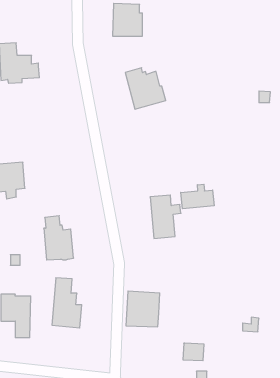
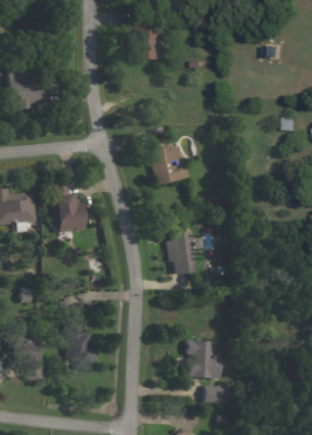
building: [125,68,166,109] -> [144,142,187,186]
building: [181,184,214,209] -> none
building: [44,216,74,260] -> [51,185,83,232]
building: [126,291,160,327] -> [185,340,221,378]

